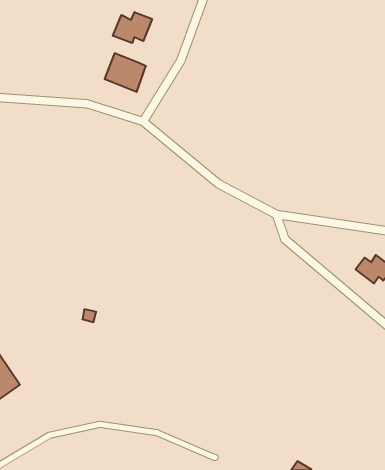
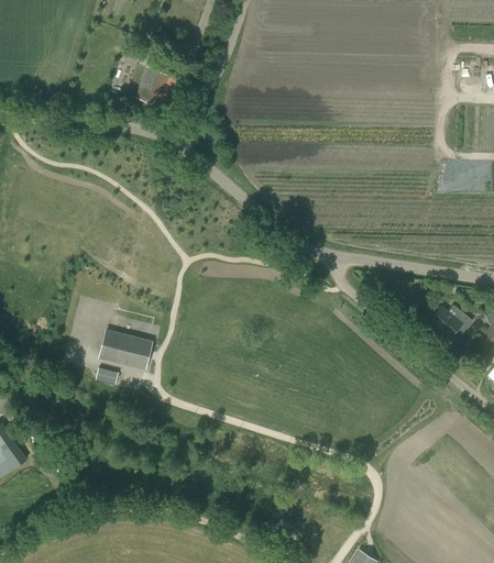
building: [113,12,152,43] -> none
building: none -> [101,330,153,371]

